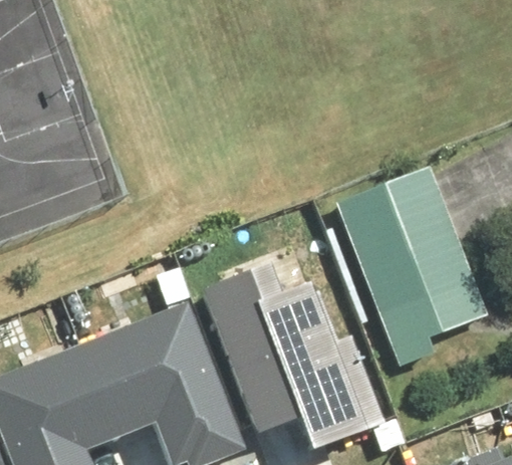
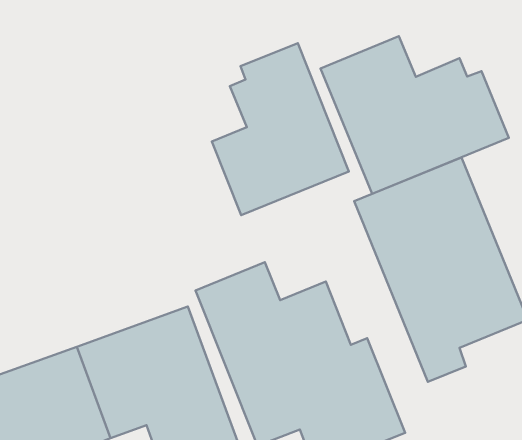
building: none -> [320,36,509,194]
building: none -> [212,43,349,215]

